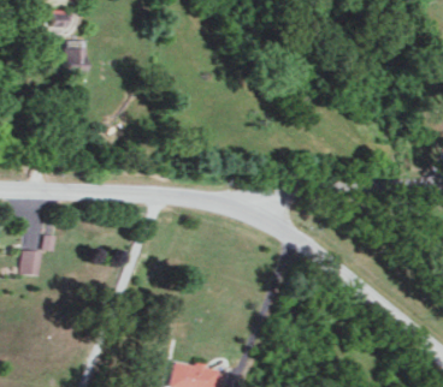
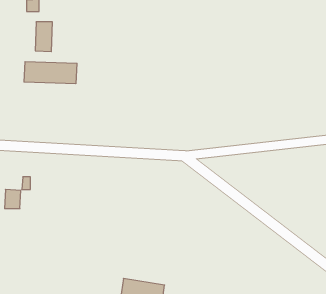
building: none -> [24,62,77,84]

